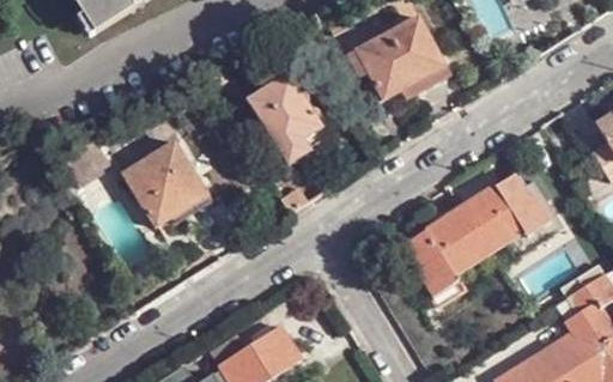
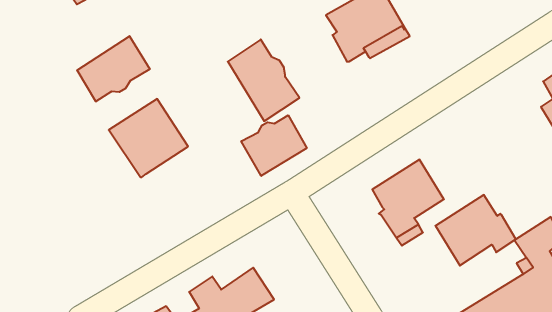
building: none -> [77,36,150,102]
building: none -> [241,115,307,176]
building: [460,171,547,248] -> [435,195,516,266]

